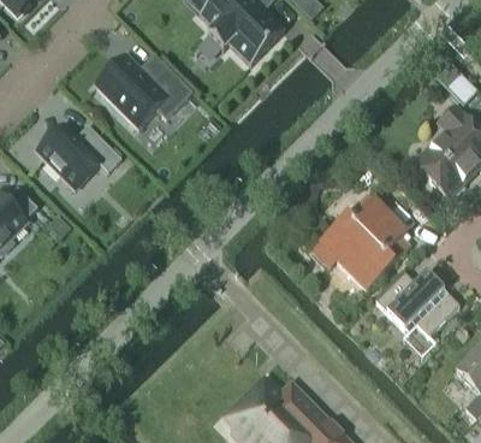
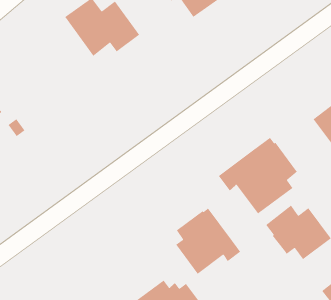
building: [36,124,121,189] -> none
building: none -> [175,207,241,275]

